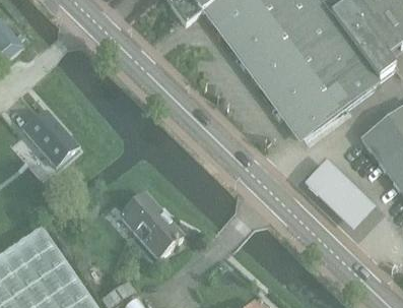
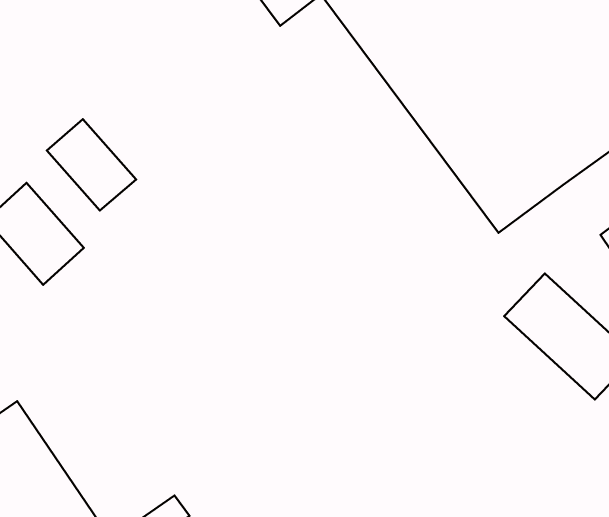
building: none -> [47,119,136,211]
building: [119,194,183,260] -> none

